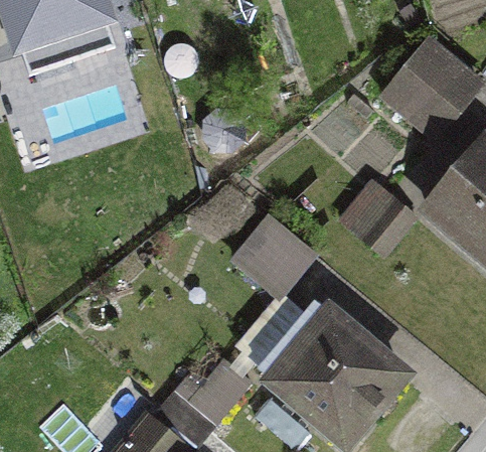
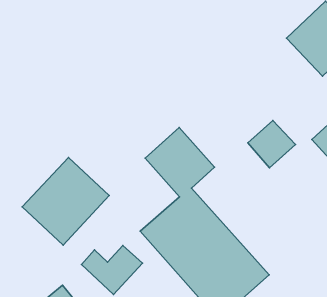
building: none -> [22,157,109,245]

